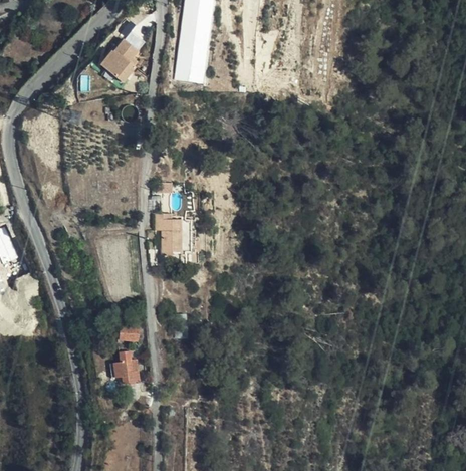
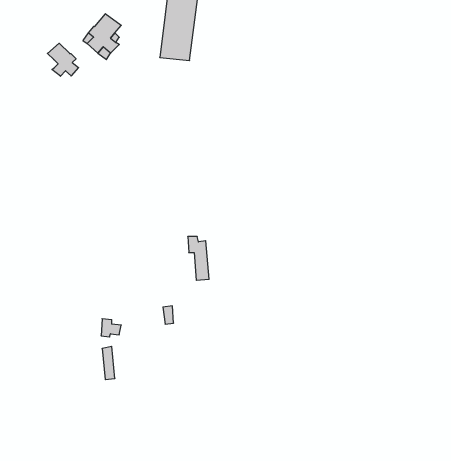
building: none -> [47,43,79,76]
building: [156,216,176,257] -> [188,237,209,280]

